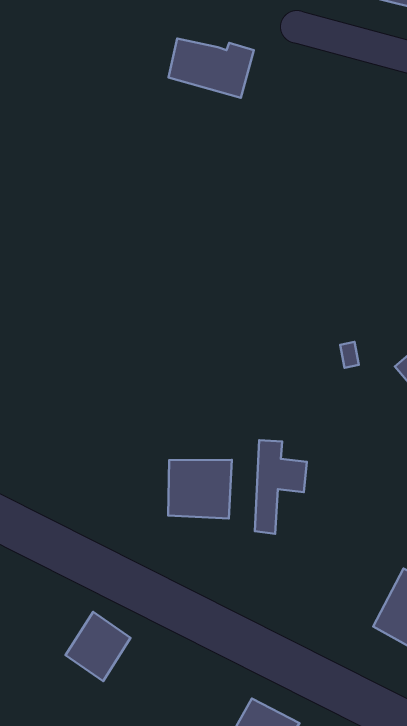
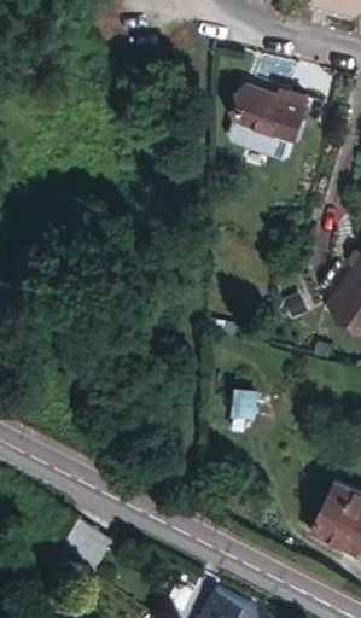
building: [169,39,254,98] -> [248,89,319,139]
building: [168,460,232,518] -> none

